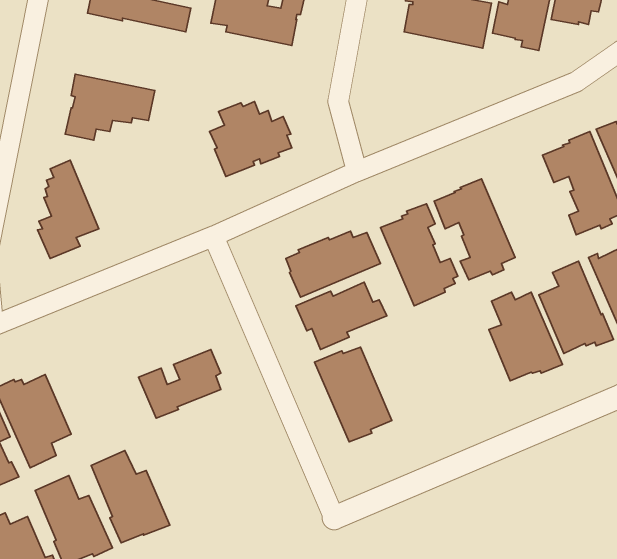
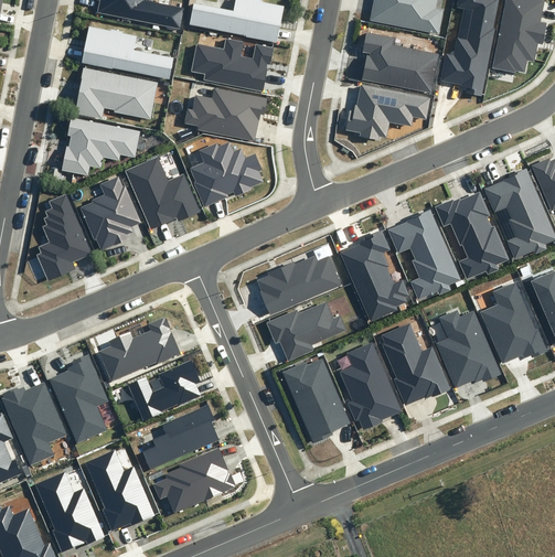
building: none -> [75,67,158,118]
building: none -> [345,84,430,139]
building: none -> [184,87,267,140]
building: none -> [125,156,200,228]
building: none -> [79,175,140,249]
building: none -> [435,191,509,278]
building: none -> [99,315,180,379]
building: none -> [382,322,451,405]
building: none -> [340,342,401,429]
building: none -> [49,354,108,442]
building: none -> [142,404,218,468]
building: none -> [153,447,236,511]

